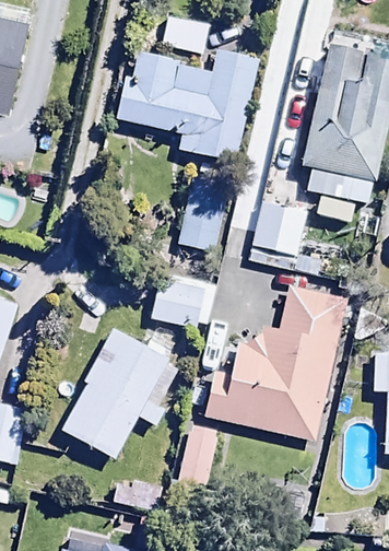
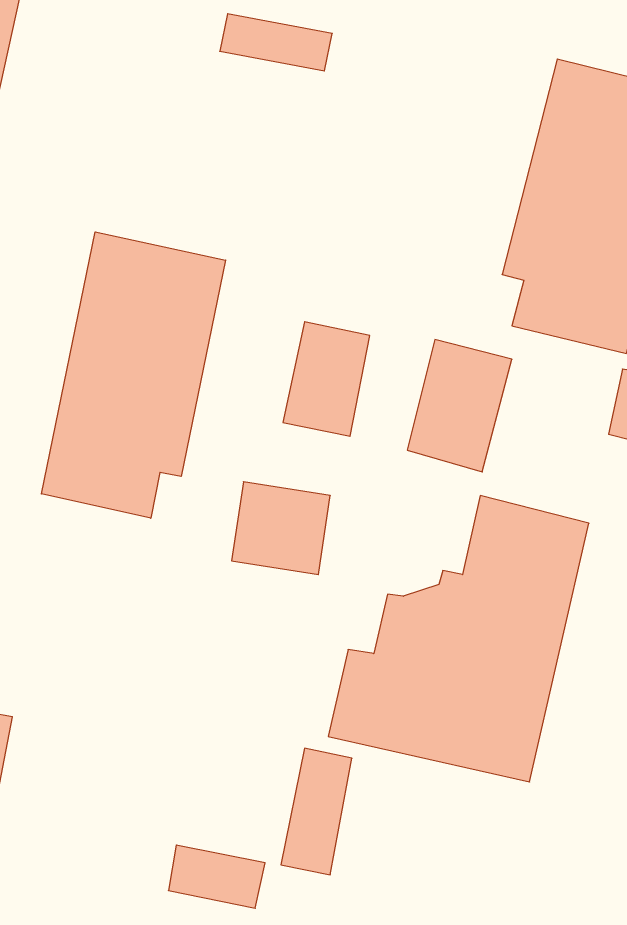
building: [116,46,263,168] -> none
building: none -> [41,232,226,518]
building: [59,328,191,460] -> none

